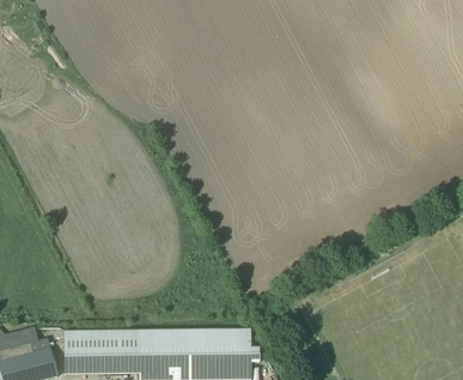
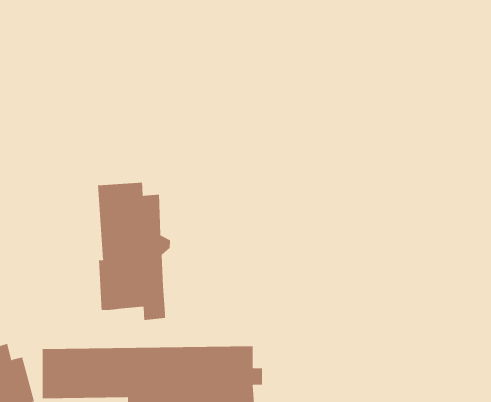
building: none -> [98,182,170,321]

